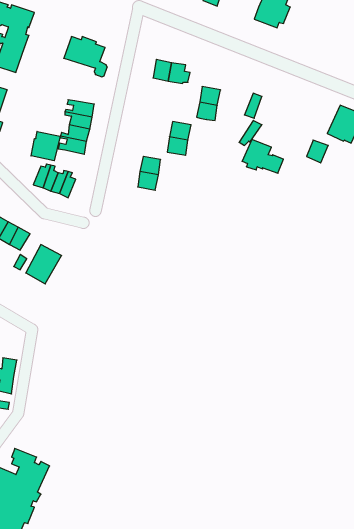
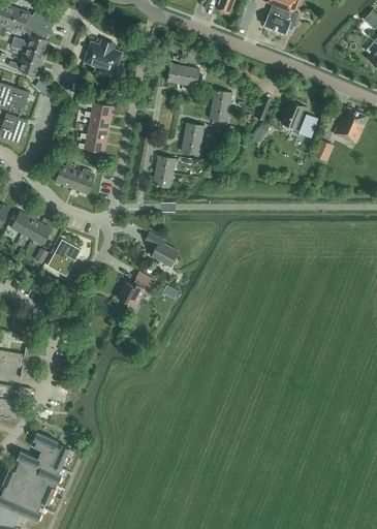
building: [31,131,60,161] -> none
building: [242,139,283,173] -> [278,101,317,133]
building: none -> [145,234,178,267]
building: none -> [116,273,153,307]

